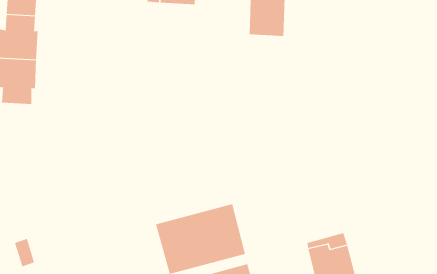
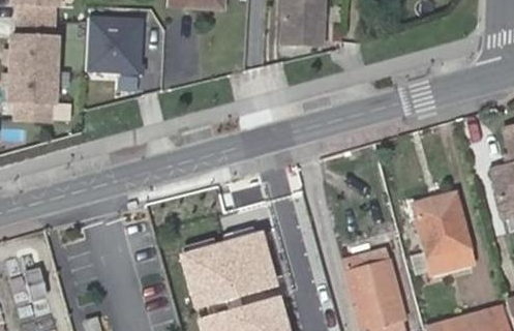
building: none -> [88,14,145,76]
building: none -> [415,194,473,272]

